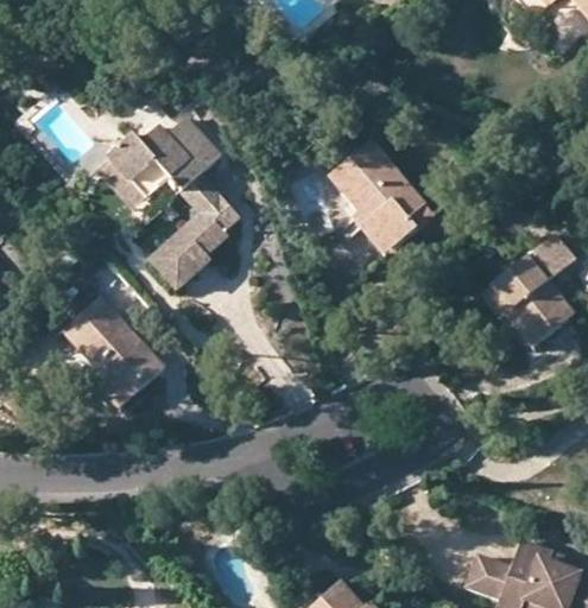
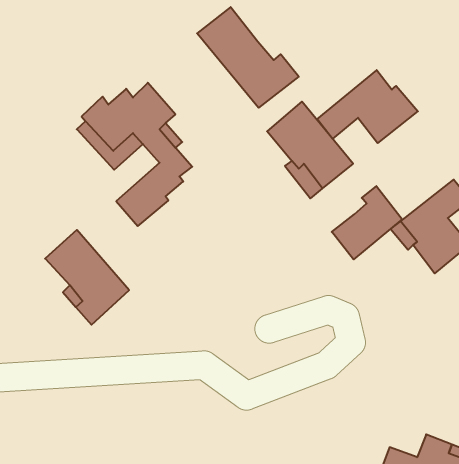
building: none -> [197,7,299,108]
building: none -> [317,70,418,143]
building: none -> [332,186,402,259]

